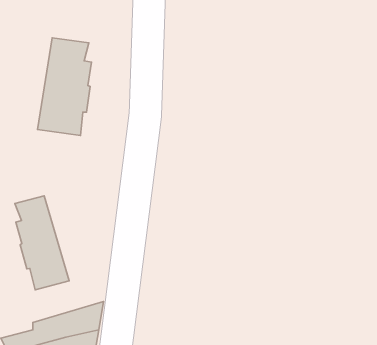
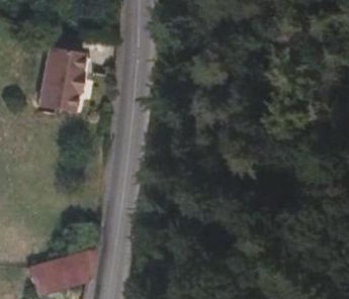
building: [15,196,69,290] -> none

